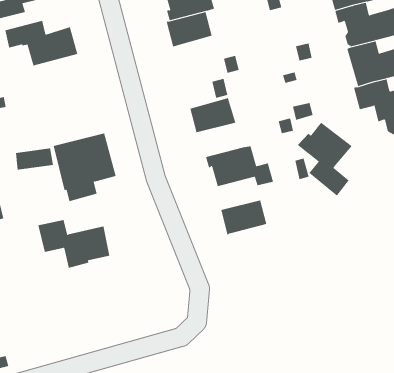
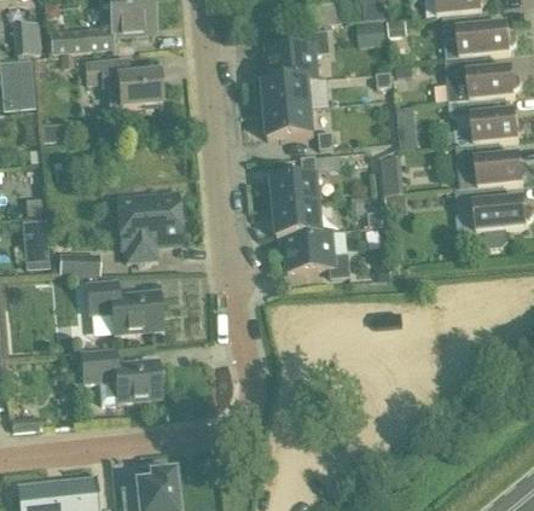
building: none -> [265,105,313,138]
building: [297,122,352,196] -> none
building: [15,148,54,170] -> [58,252,99,273]
building: [220,200,267,235] -> [274,204,323,237]
building: none -> [81,349,155,403]

